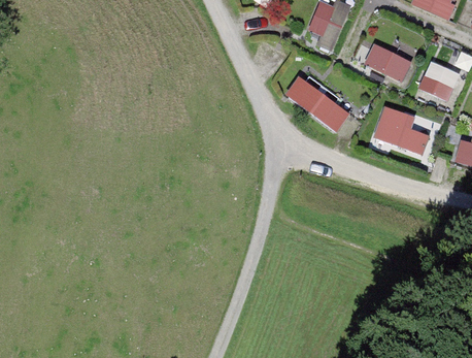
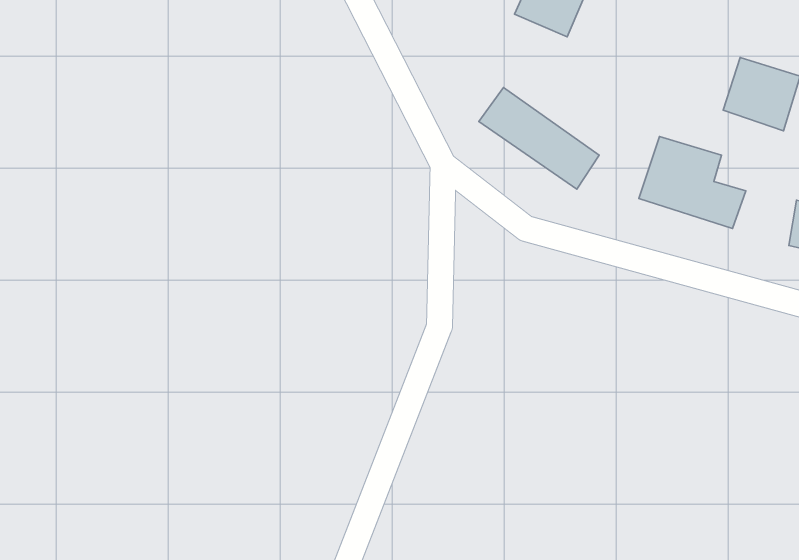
building: [364,42,413,84] -> none

